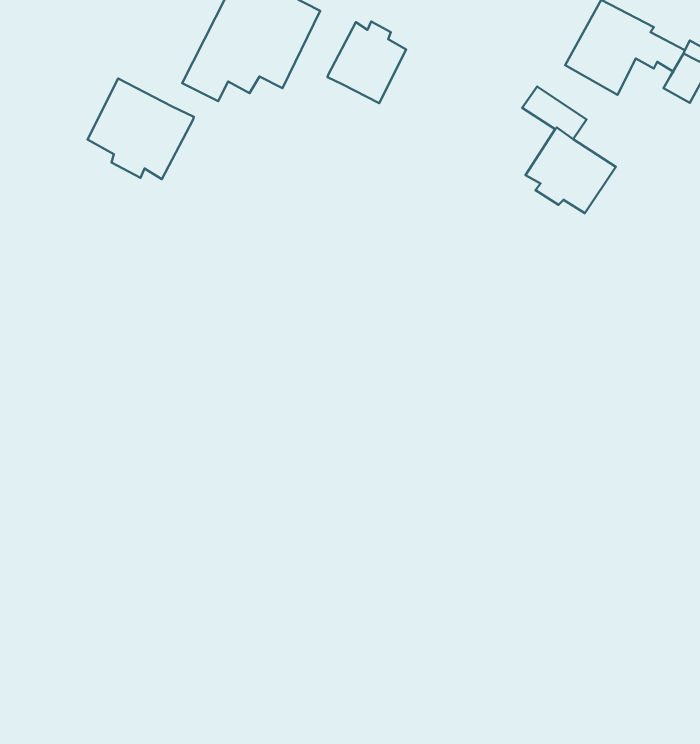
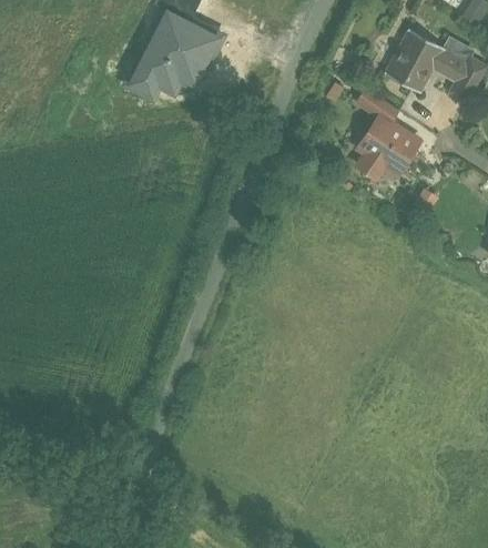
building: [328,22,406,103] -> none
building: [88,78,194,179] -> none

